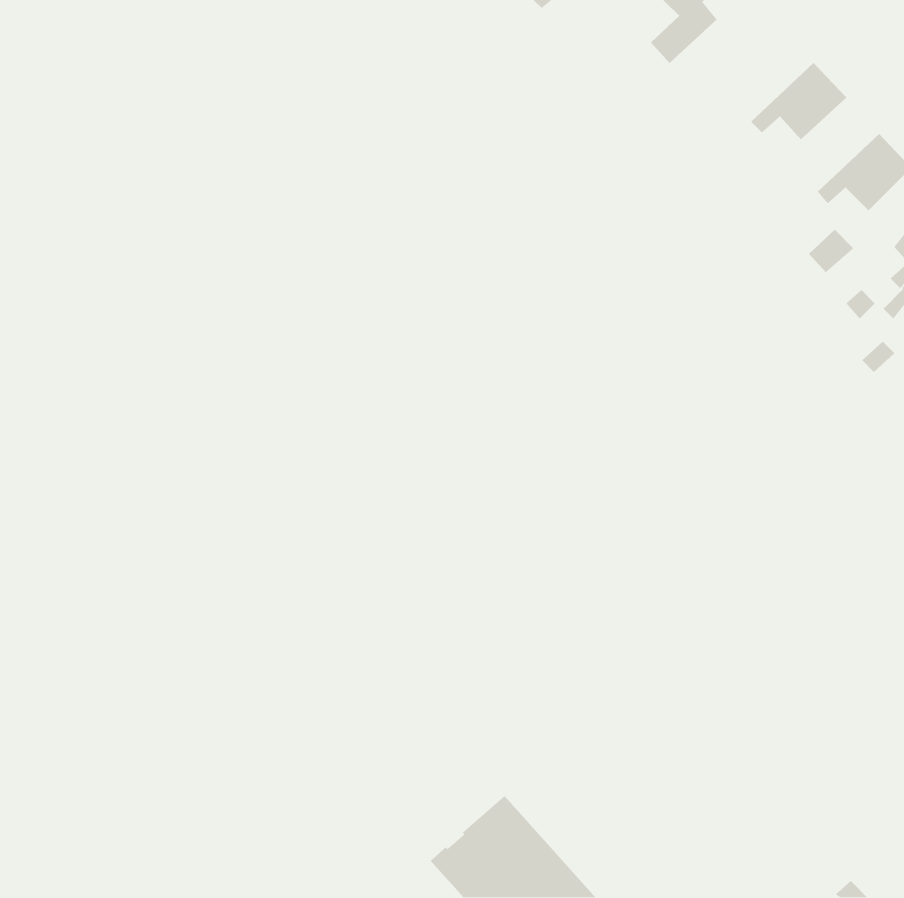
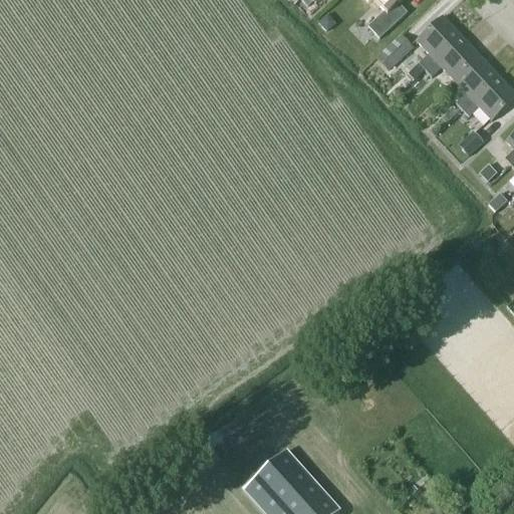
building: none -> [418,15,462,69]
building: none -> [377,34,414,69]
building: none -> [455,55,499,108]

